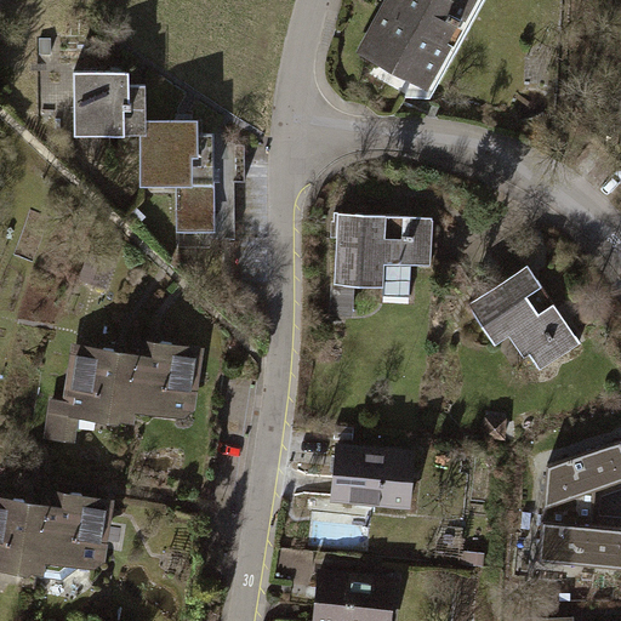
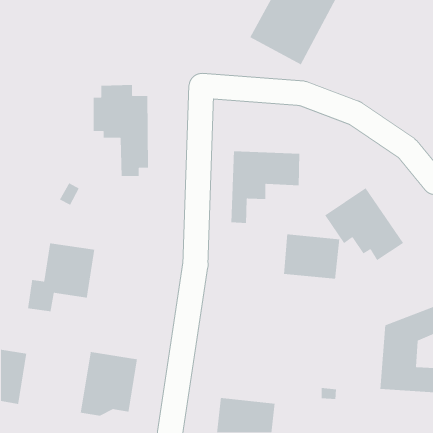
building: [67,72,146,139] -> none
building: [129,341,203,425] -> none
building: [334,445,415,511] -> [283,234,340,280]
building: [29,489,112,582] -> [80,351,138,417]

